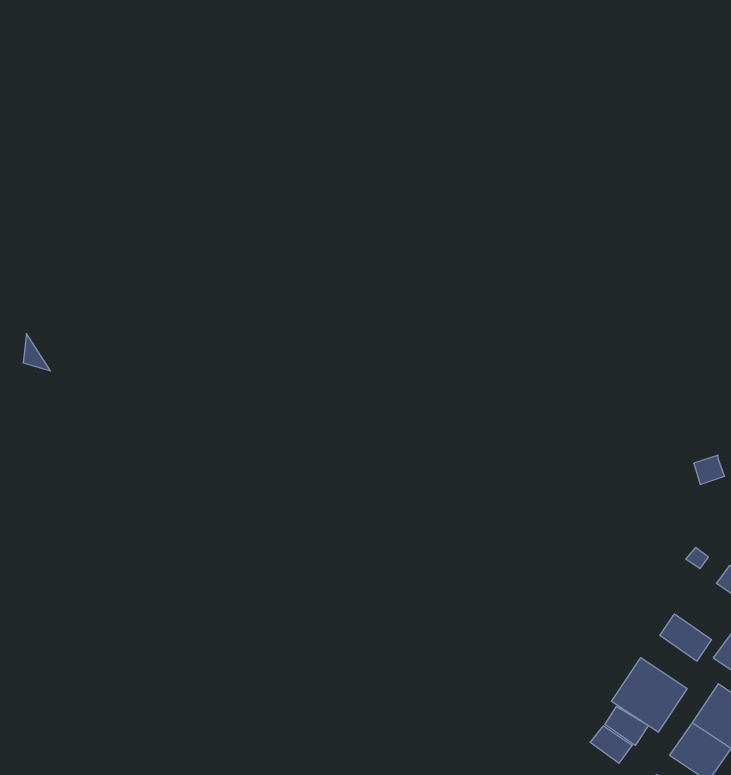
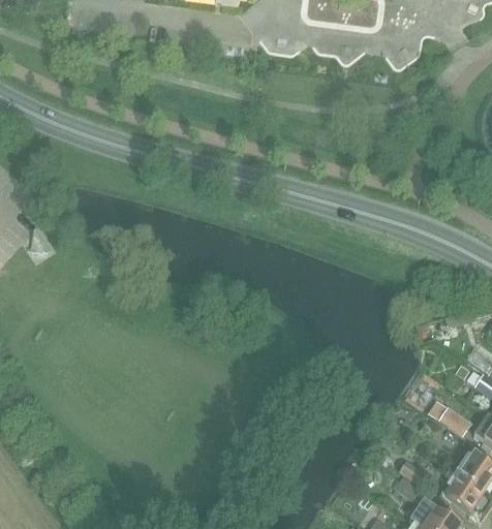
building: [612,658,687,732] -> none

